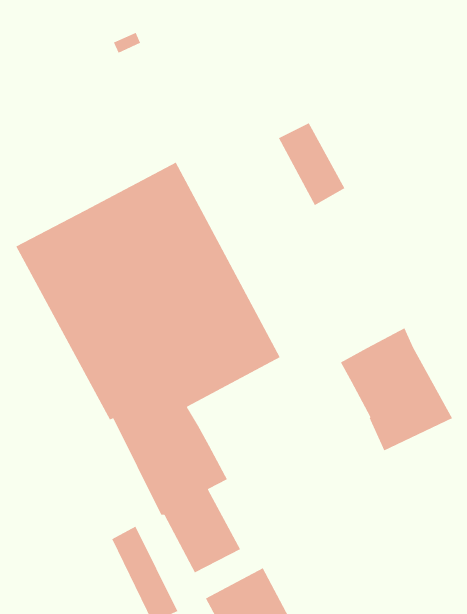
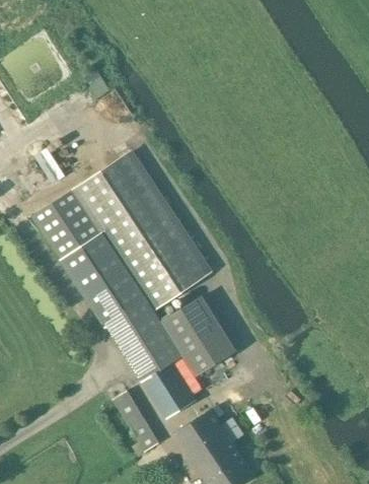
building: [278,122,345,206] -> none
building: [340,327,453,452] -> [161,295,237,376]

